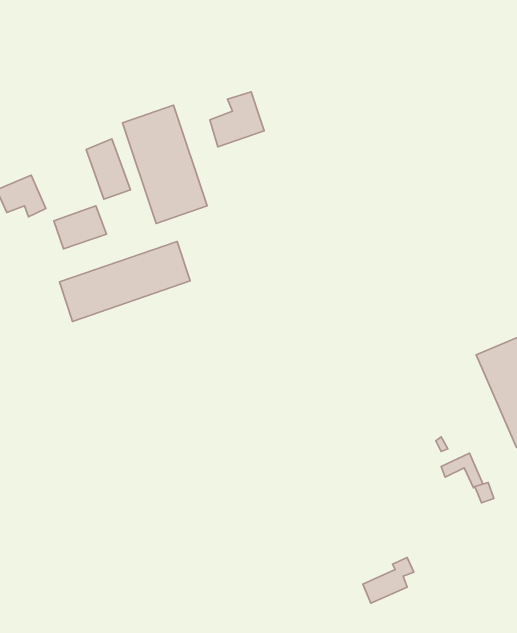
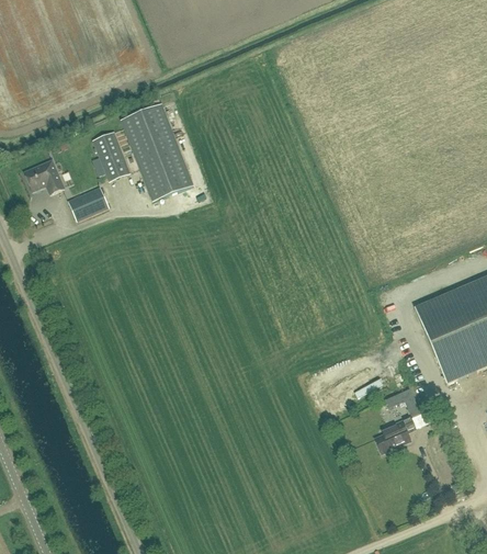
building: [210,92,264,147] -> none
building: [59,241,190,321] -> none
building: [363,557,414,603] -> [373,416,415,453]

